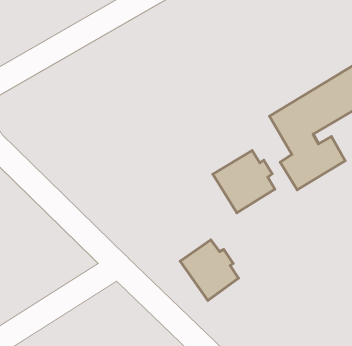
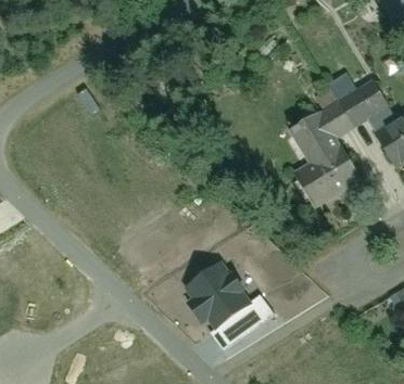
building: [213,151,275,213] -> none

